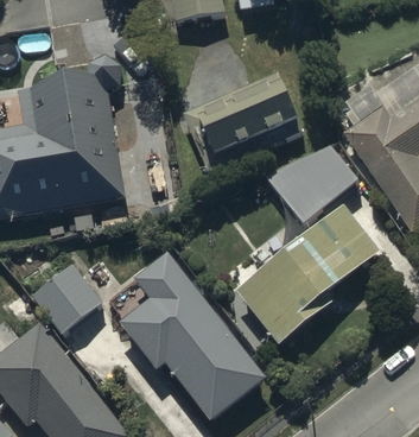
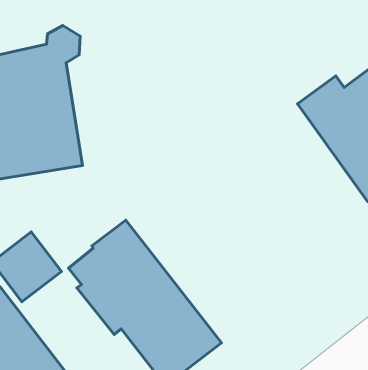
building: [185,71,304,172] -> none
building: [262,145,358,226] -> none
building: [235,204,380,344] -> none

